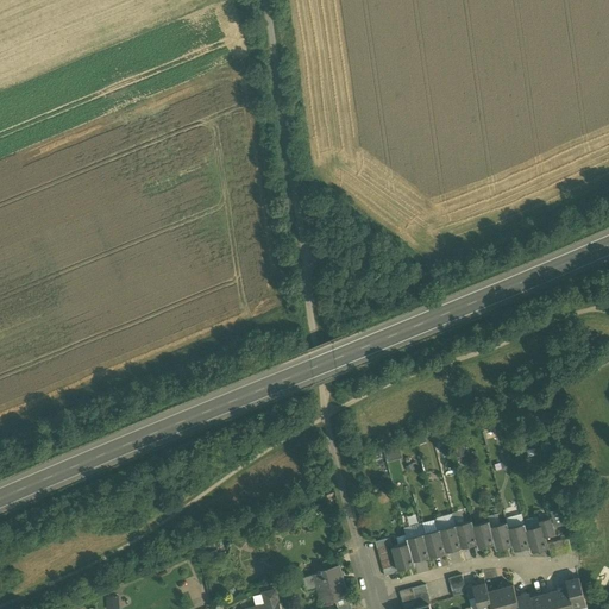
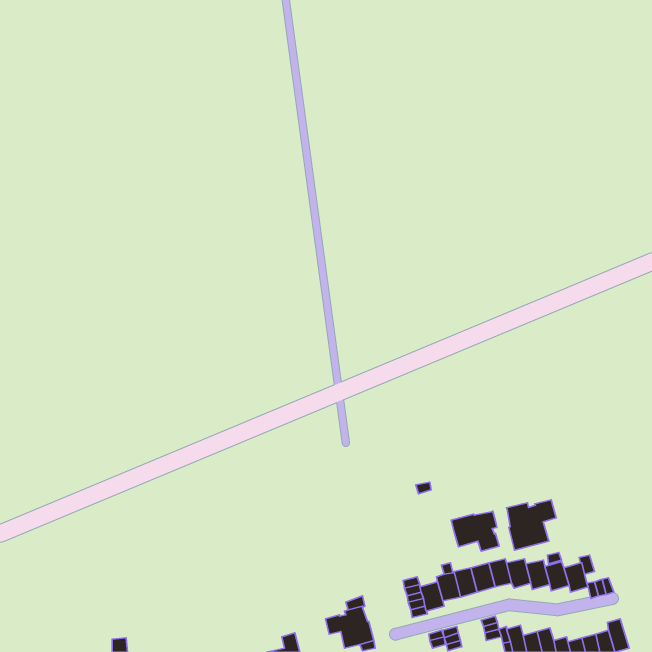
building: none -> [506,500,556,550]
building: none -> [451,511,499,551]

